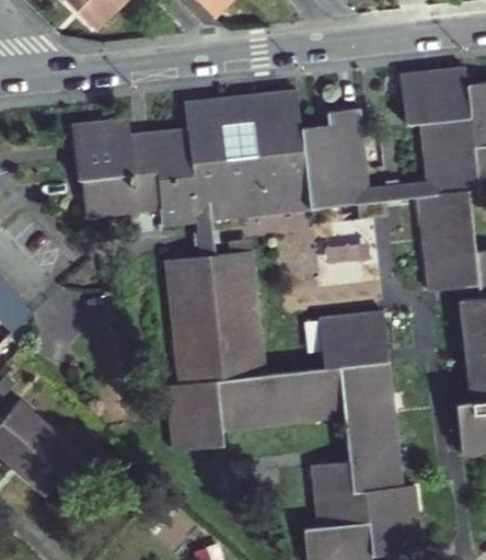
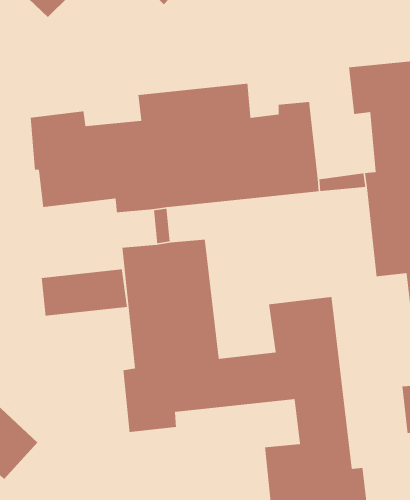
building: none -> [41,269,128,317]

